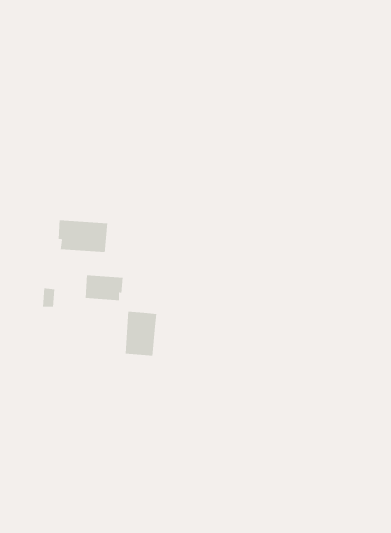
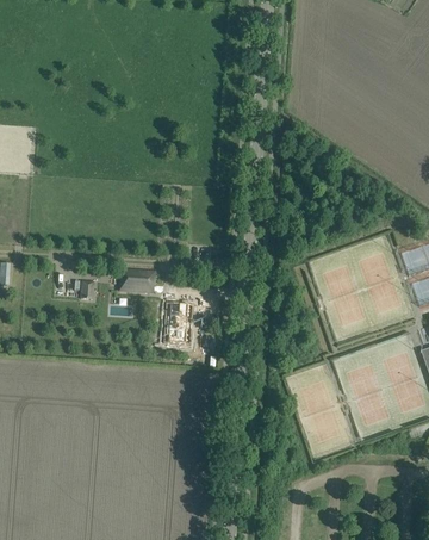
building: [58,219,108,253] -> none

